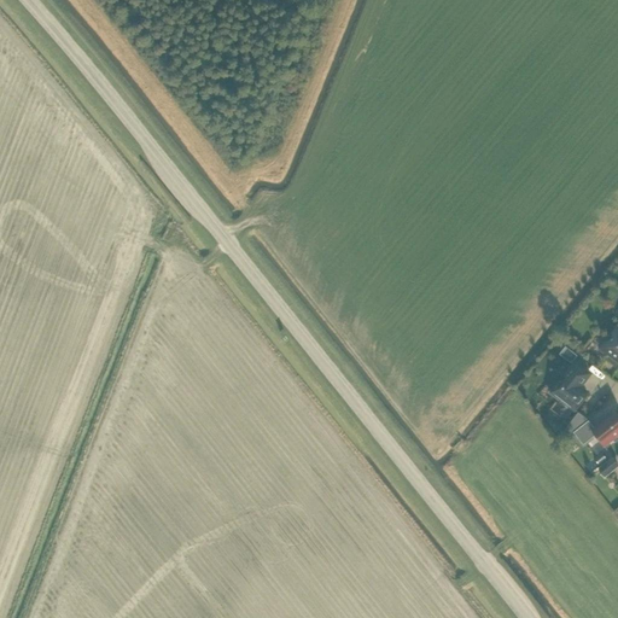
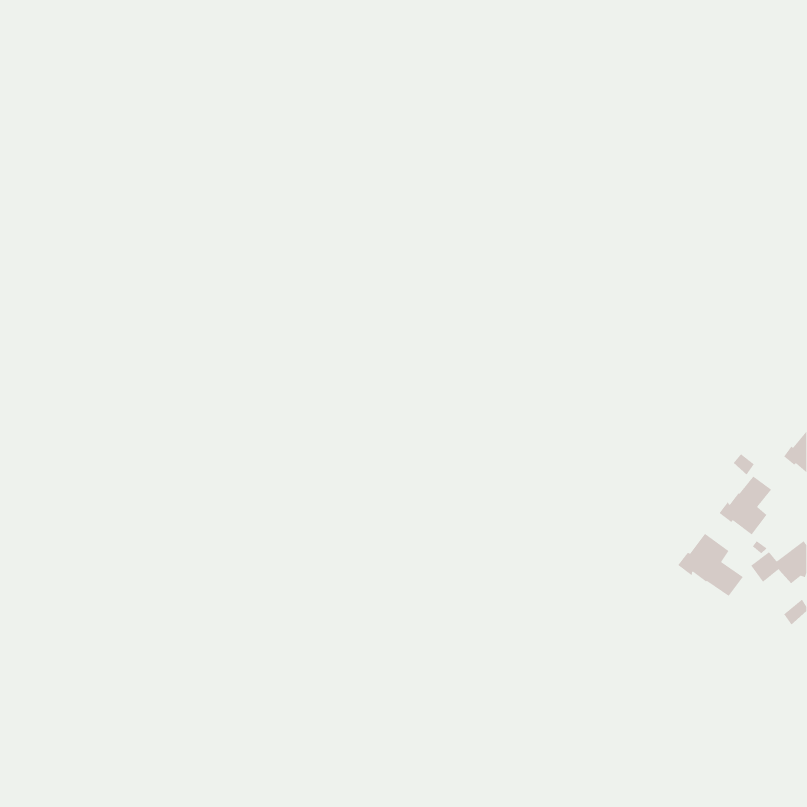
building: none -> [677,533,744,597]

